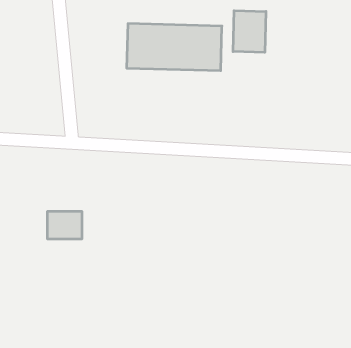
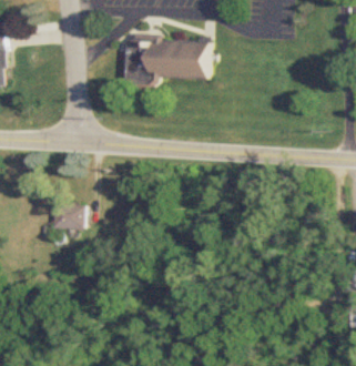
building: [233,11,266,52] -> none

